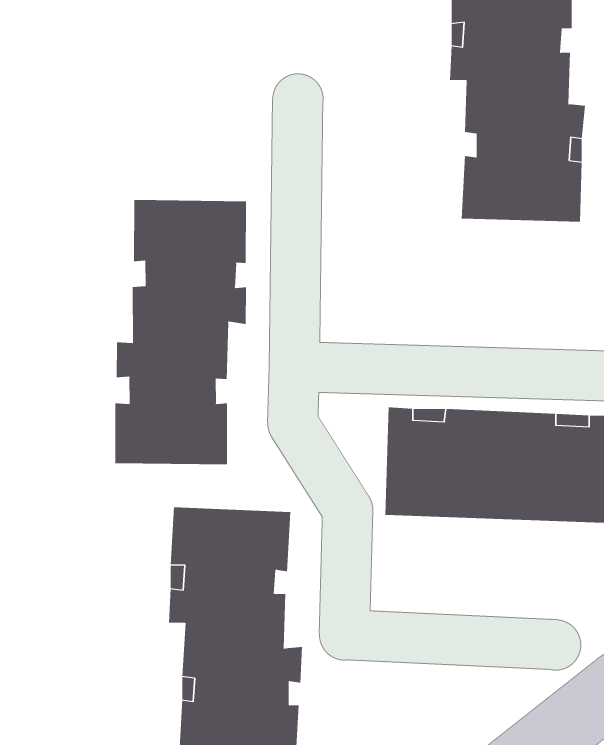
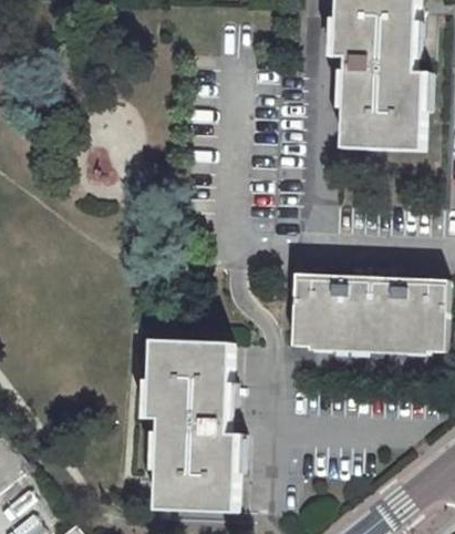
building: [115,199,247,465] -> none

